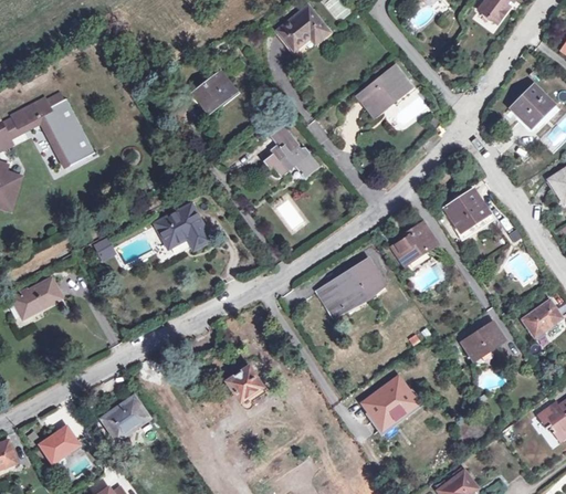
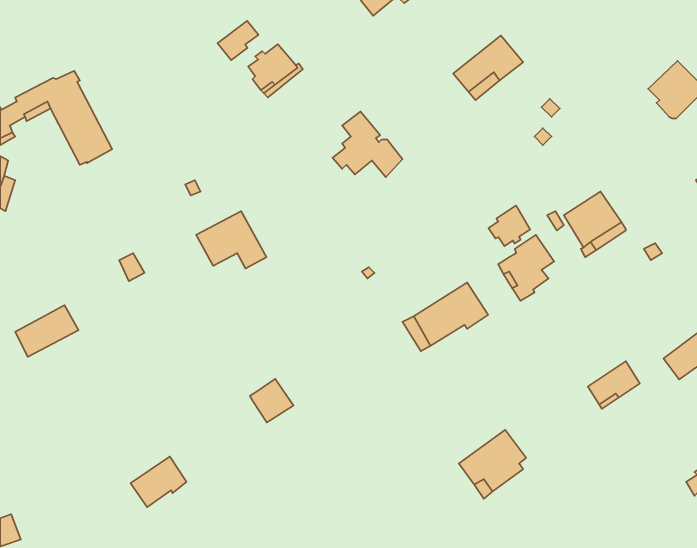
building: none -> [218,21,258,60]
building: none -> [488,206,530,246]
building: [229,365,263,399] -> [250,379,293,422]
building: [41,427,77,462] -> none

